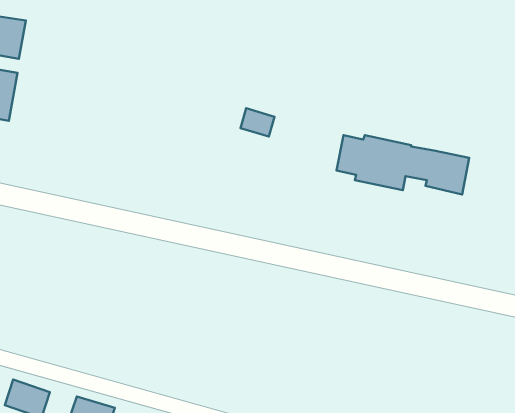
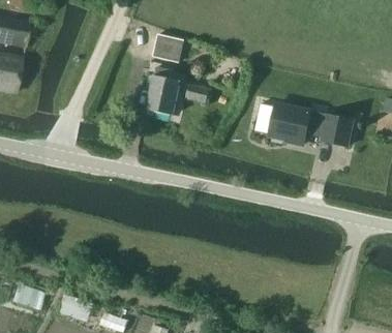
building: none -> [152,34,184,63]
building: none -> [146,67,180,116]

